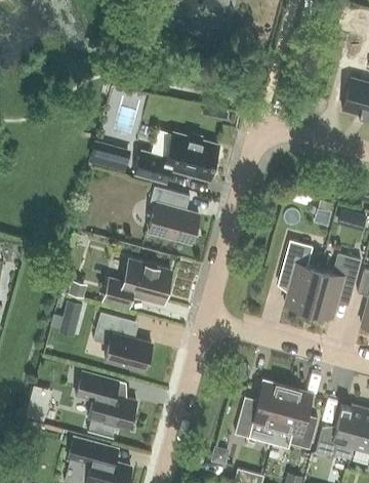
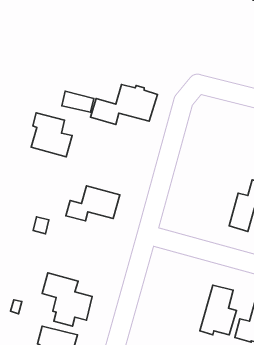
building: [148,188,199,243] -> [31,113,72,157]
building: [281,241,320,312] -> none
building: [93,314,152,371] -> none
building: [234,379,288,444] -> none

